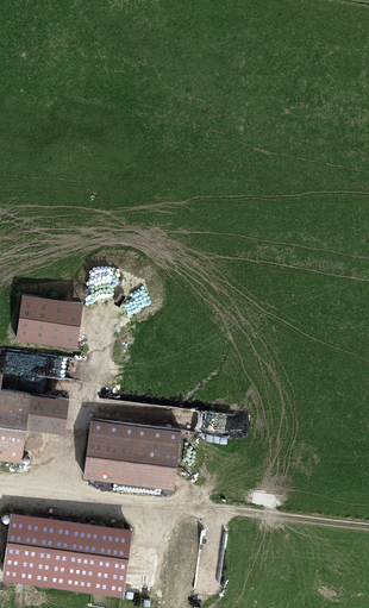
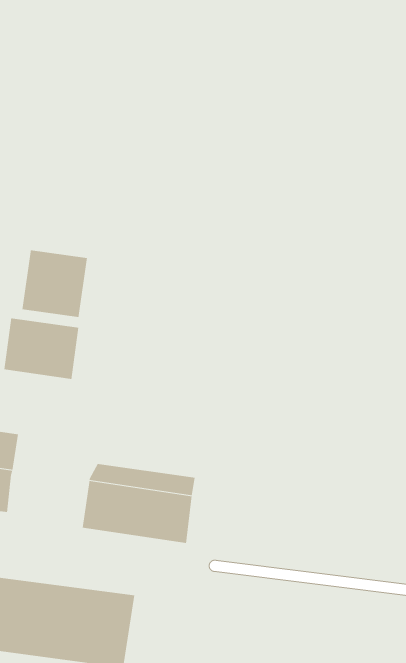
building: none -> [22,249,88,318]
building: [26,394,68,430] -> none

